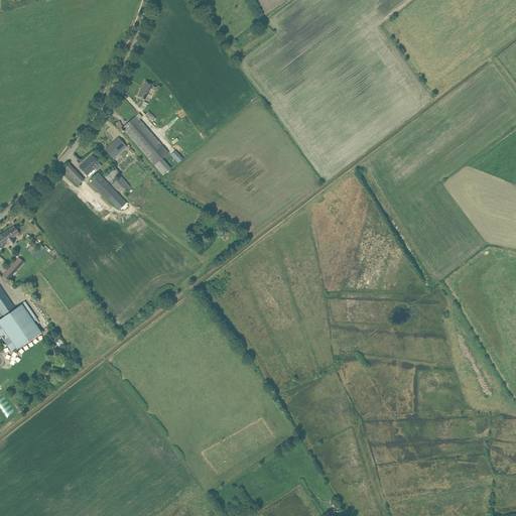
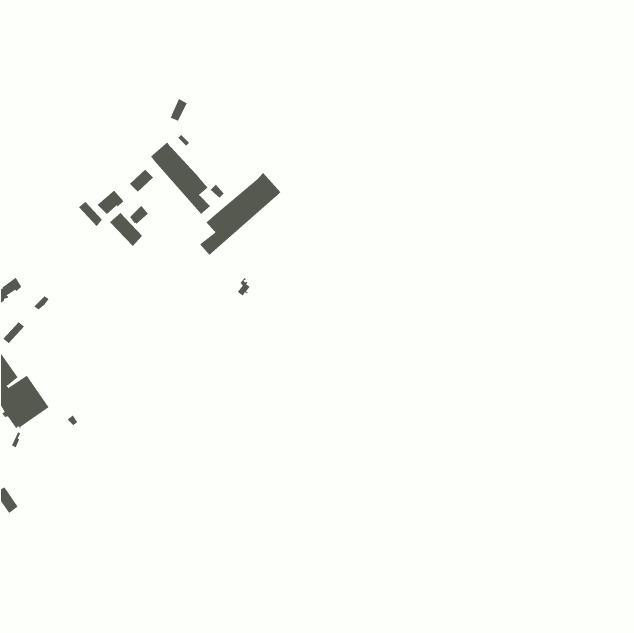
building: none -> [199,172,281,256]

